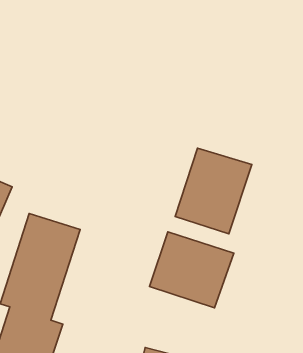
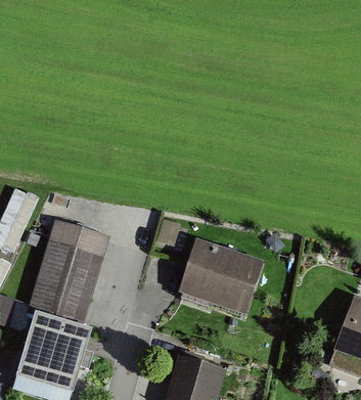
building: [175,148,252,234] -> none

